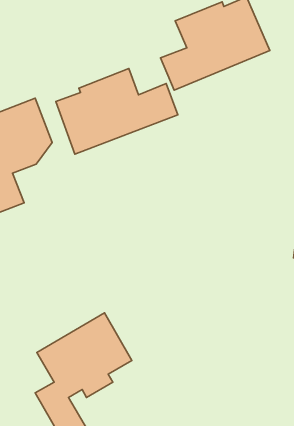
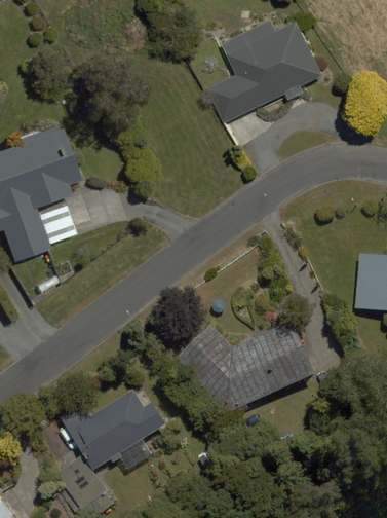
building: [56,69,178,154] -> none
building: none -> [181,328,319,416]

